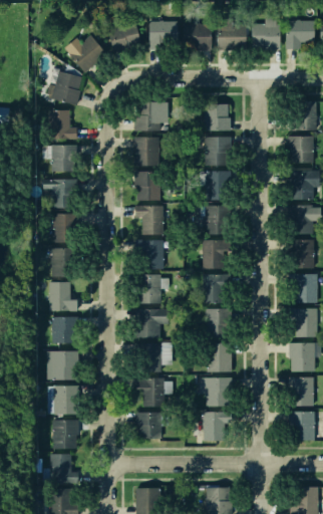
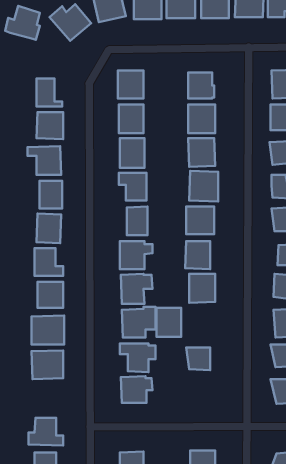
building: [46,71,81,105] -> [5,6,40,40]
building: [208,343,233,372] -> [156,308,181,337]
building: [204,412,226,440] -> none
building: [52,420,78,449] -> none

